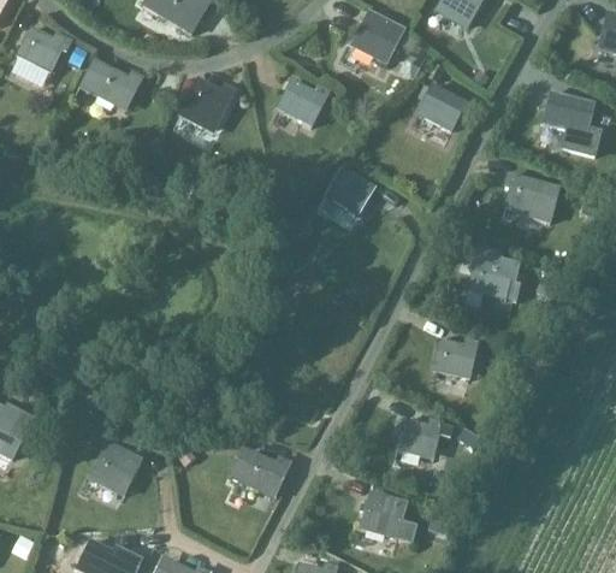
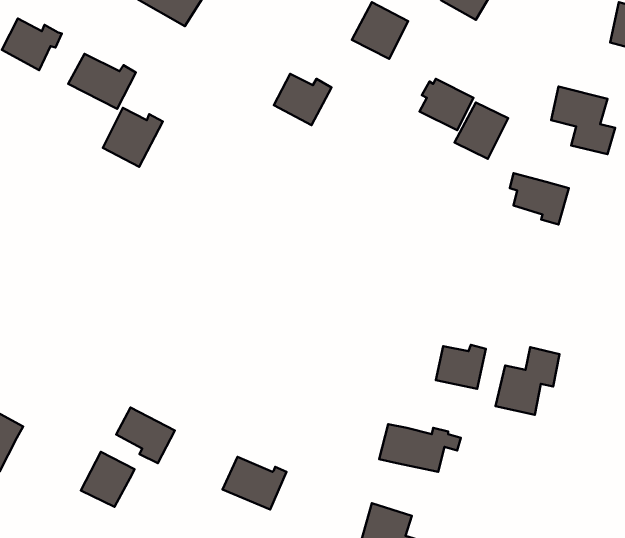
building: [178,77,236,134] -> [103,108,163,167]
building: none -> [455,103,508,159]
building: [325,166,375,215] -> none
building: [467,243,520,300] -> none
building: none -> [495,347,560,415]
building: none -> [116,408,175,463]

